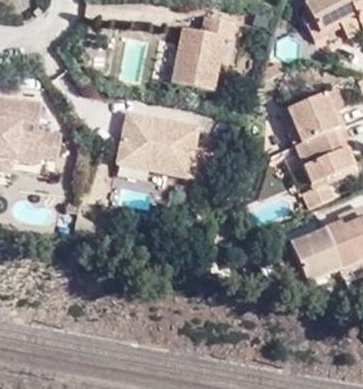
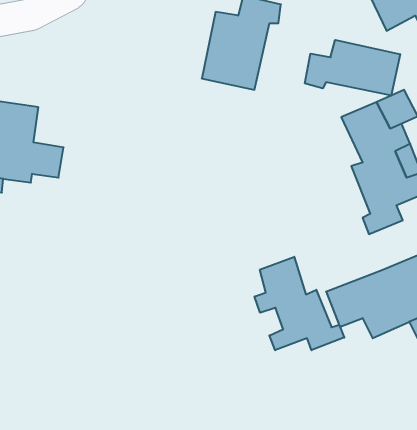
building: none -> [305,40,400,96]
building: [115,108,207,176] -> none
building: none -> [255,257,344,350]

